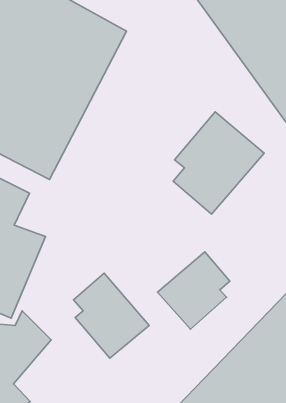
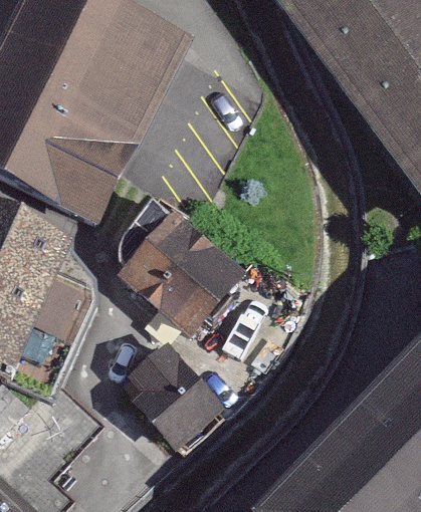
building: [173,112,264,214] -> none
building: none -> [117,212,246,337]
building: [158,252,230,329] -> none

